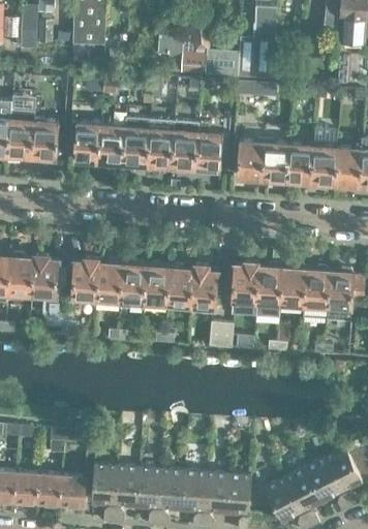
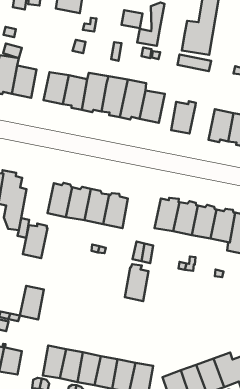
building: [206,53,239,76] -> none
building: [260,139,288,184] -> none
building: [71,258,98,301] -> [23,224,47,258]
building: [191,266,217,310] -> [125,264,149,301]
building: [91,464,117,504] -> [20,286,44,319]

